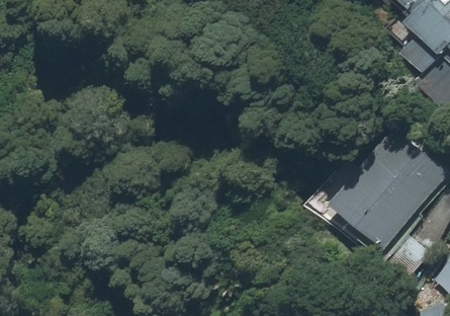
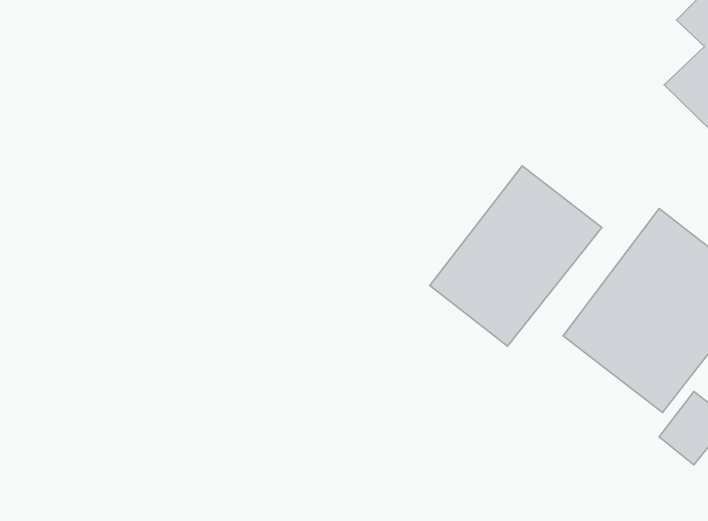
building: none -> [430,166,602,346]

